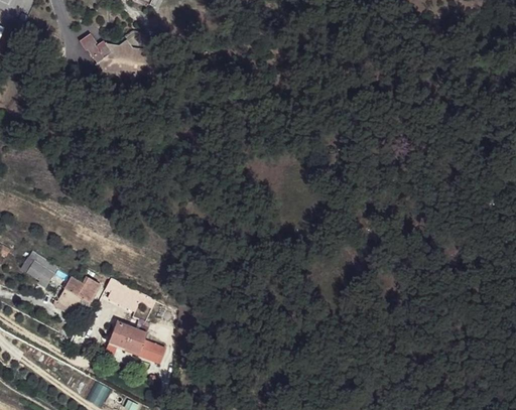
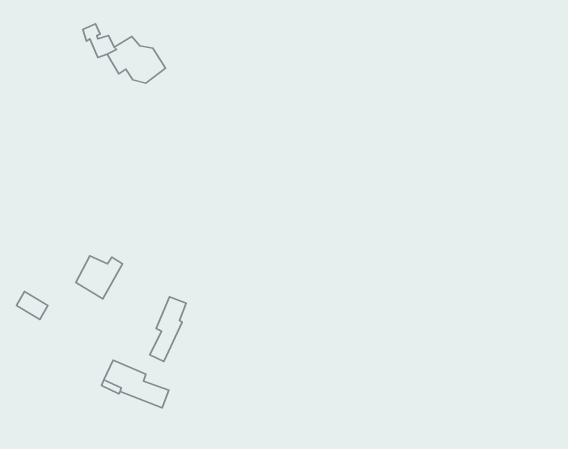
building: none -> [150,297,186,361]
building: [54,278,95,315] -> [76,256,122,299]

